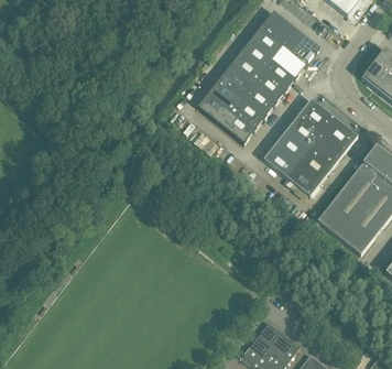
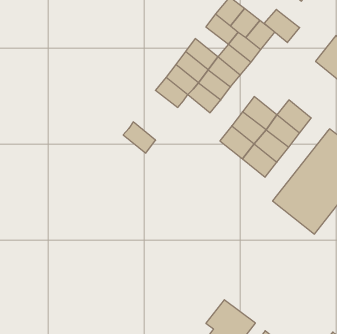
building: none -> [264,9,300,43]
building: [239,41,273,72] -> none
building: [300,98,335,131] -> none
building: [221,110,254,142] -> [123,122,156,153]

